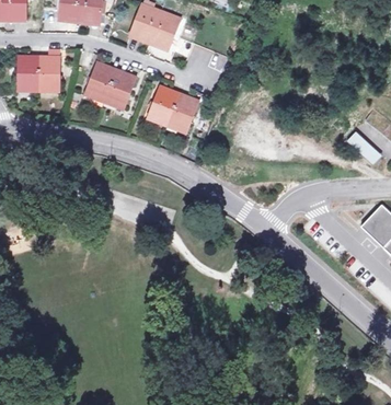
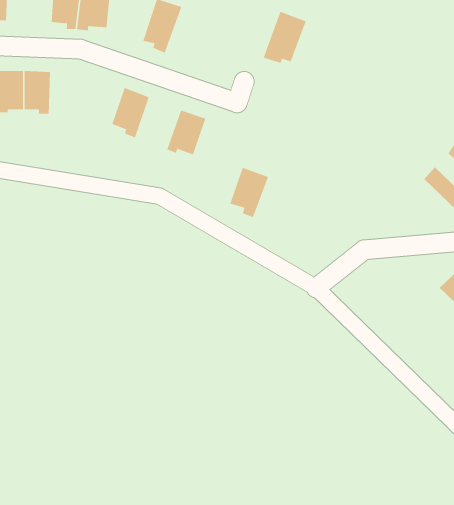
building: [147,8,181,48] -> [263,11,307,64]
building: [83,63,115,99] -> none
building: [169,94,199,134] -> [229,167,269,218]

